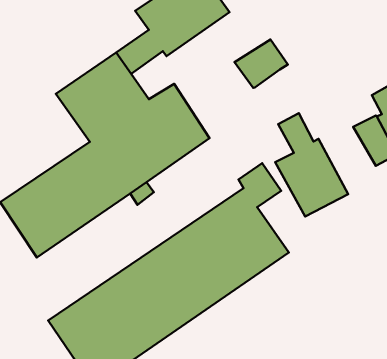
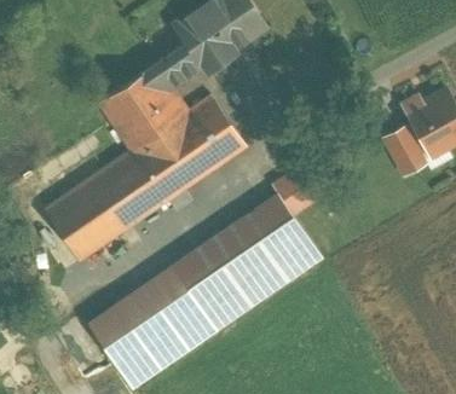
building: [234,40,288,88] -> none
building: [275,113,348,217] -> none

